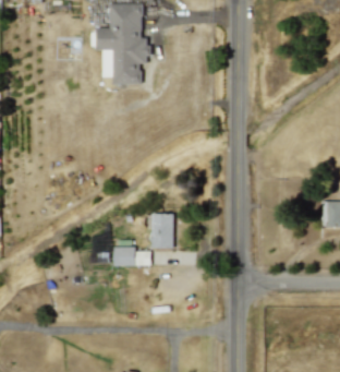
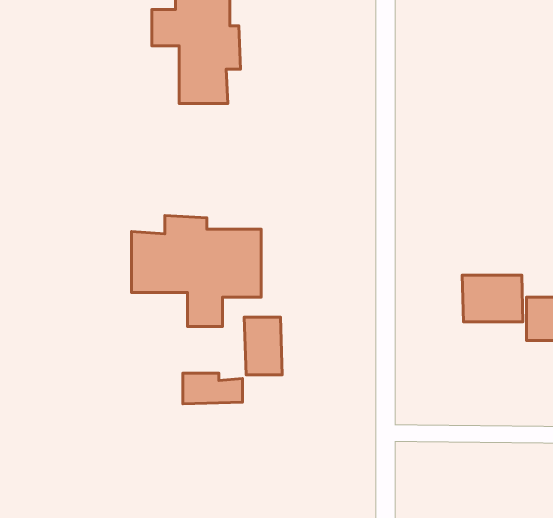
building: none -> [132,216,261,327]
building: none -> [462,275,523,322]

